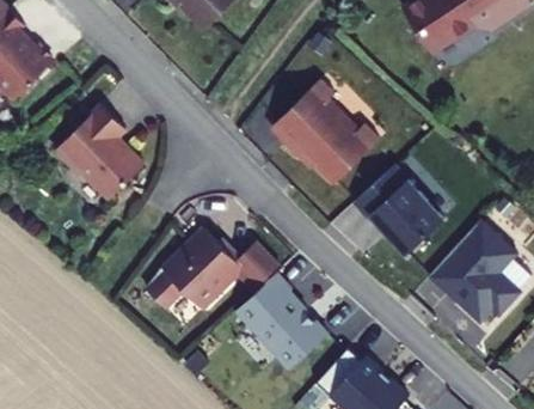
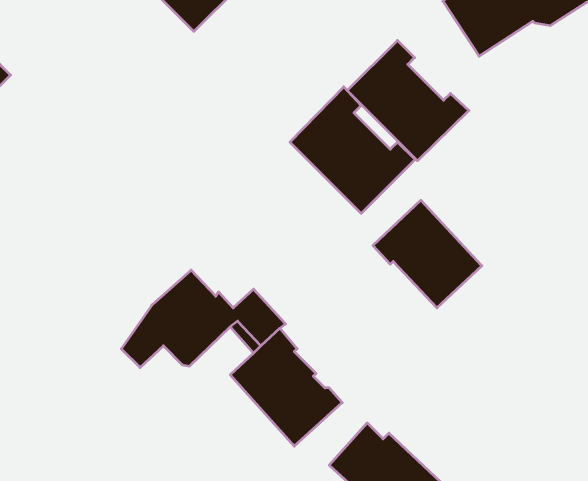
building: none -> [347,40,469,161]
building: [54,106,143,201] -> none
building: [428,222,517,324] -> none

